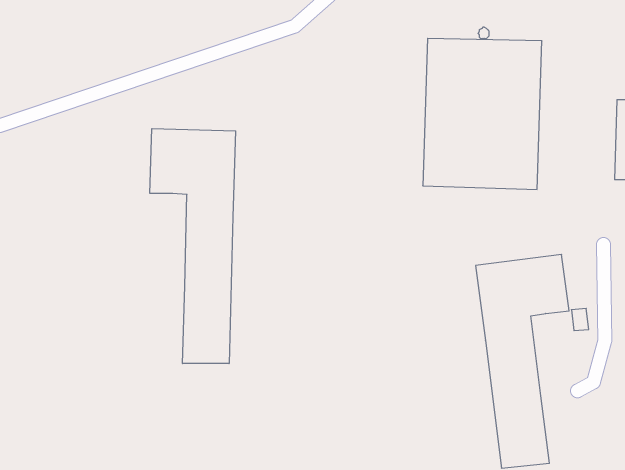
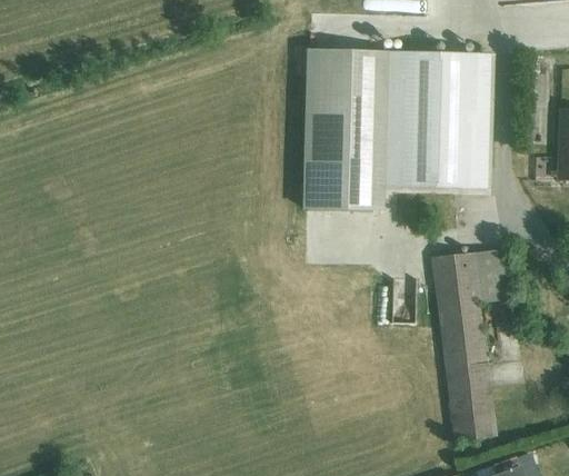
building: none -> [303,48,389,210]
building: [150,129,236,364] -> none

